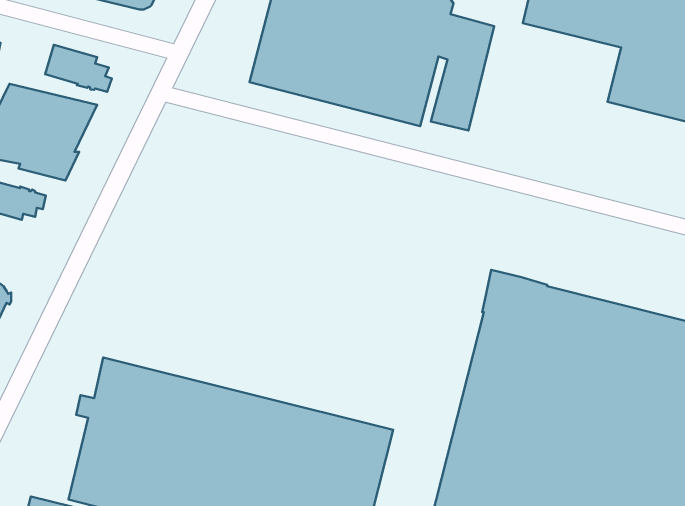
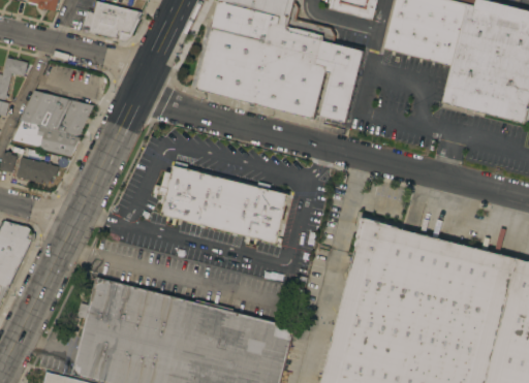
building: [45,45,112,92] -> none
building: none -> [160,160,288,245]

